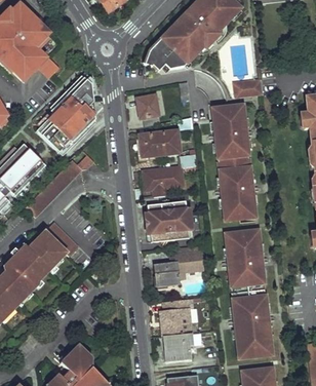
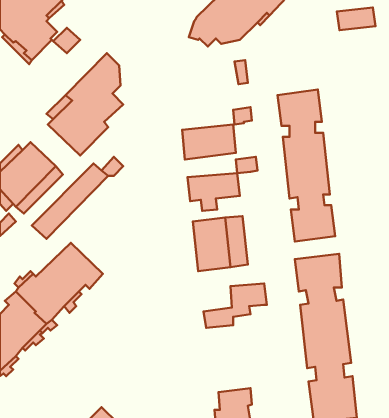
building: [234,78,264,95] -> [337,7,376,30]
building: [137,94,160,124] -> none
building: [161,298,193,335] -> none

